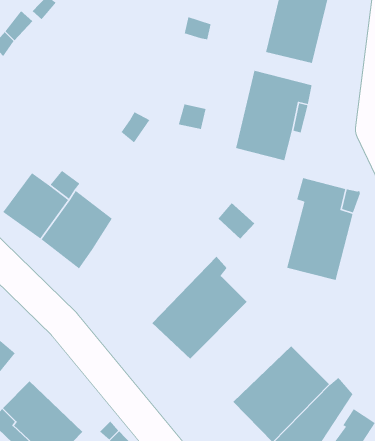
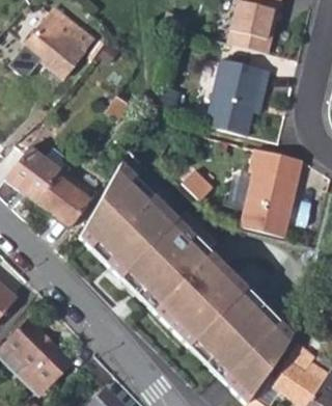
building: none -> [24,22,98,80]
building: none -> [84,160,184,276]
building: none -> [156,247,254,344]

